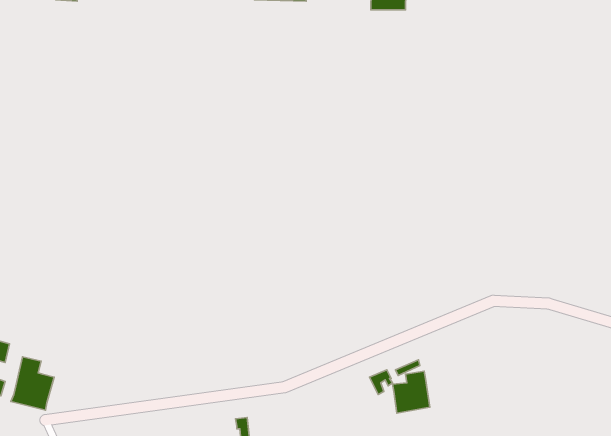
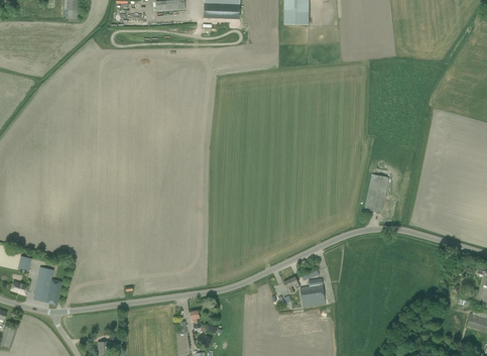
building: none -> [364,173,389,212]

